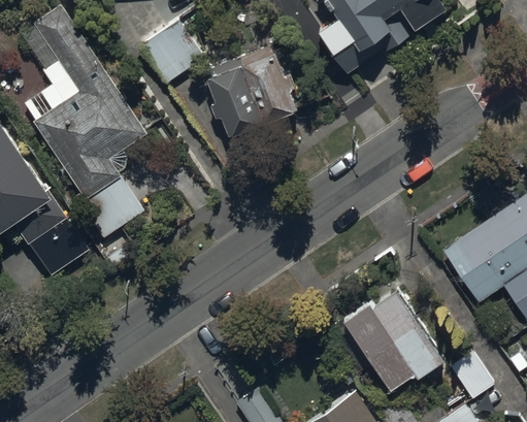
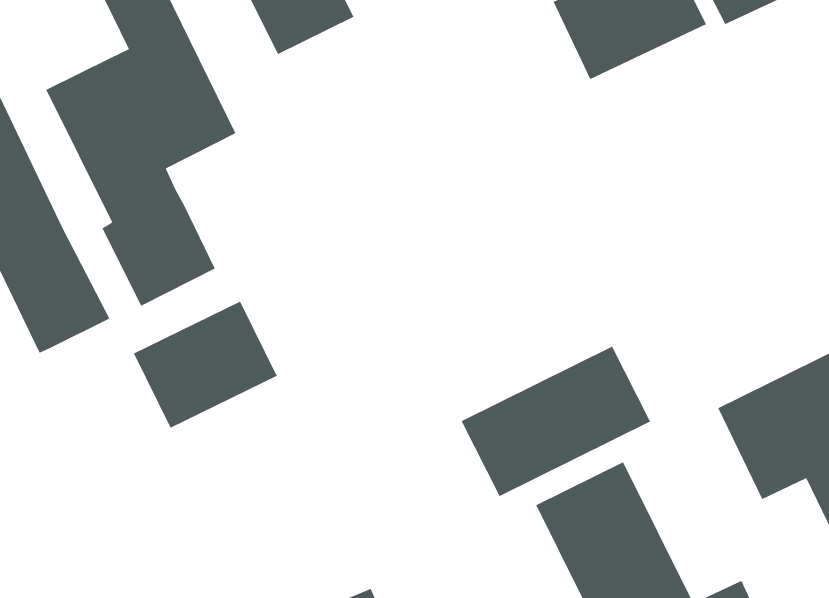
building: [203,43,301,142] -> none
building: none -> [461,346,651,497]
building: none -> [133,301,278,429]

